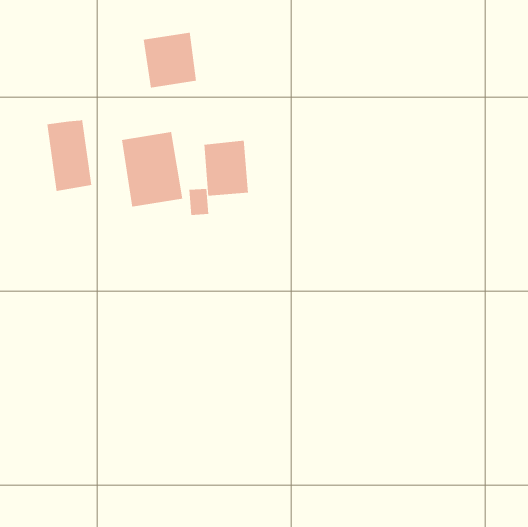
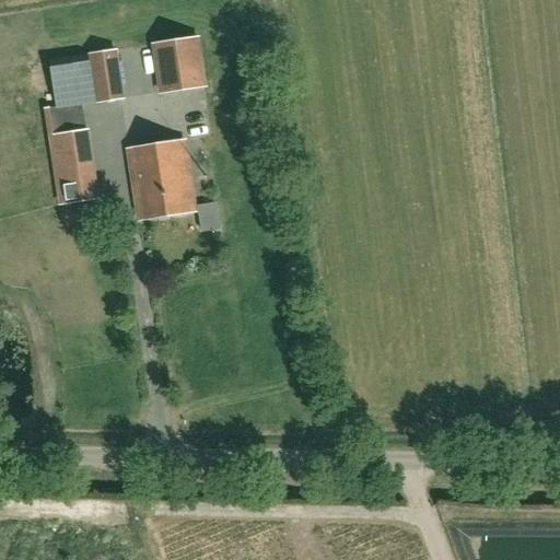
building: none -> [46,47,125,131]
building: [204,140,248,196] -> none

